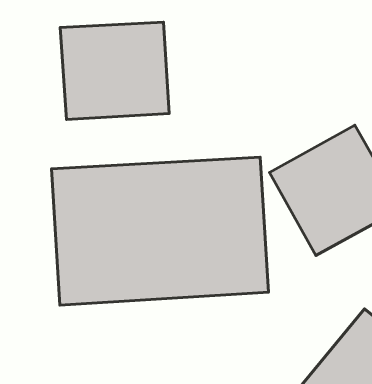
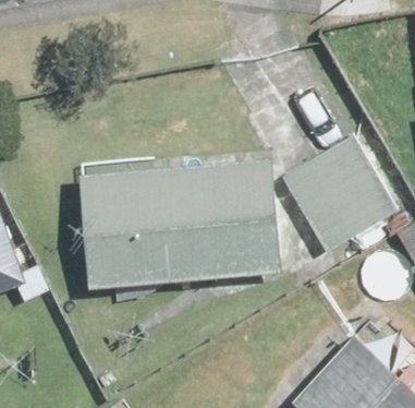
building: [60,22,169,120] -> none

